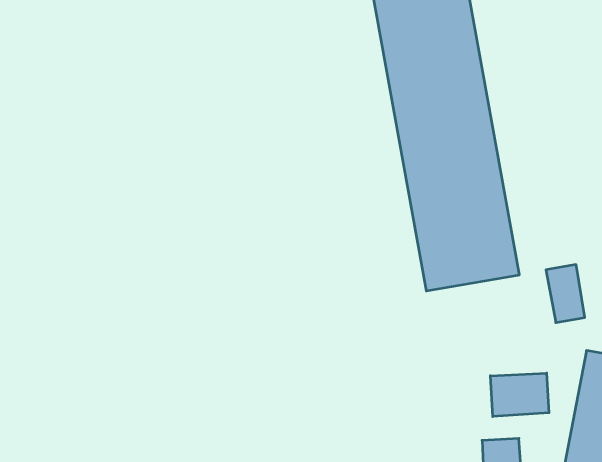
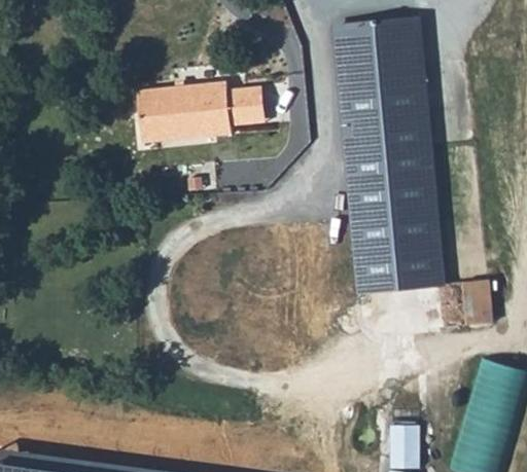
building: none -> [133,79,267,144]
building: [490,373,549,417] -> none

